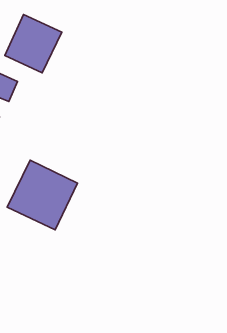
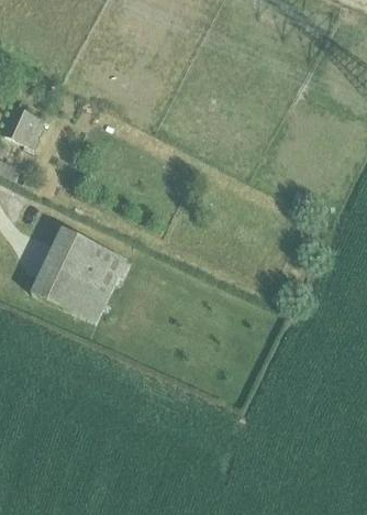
building: [5,15,62,73] -> none

